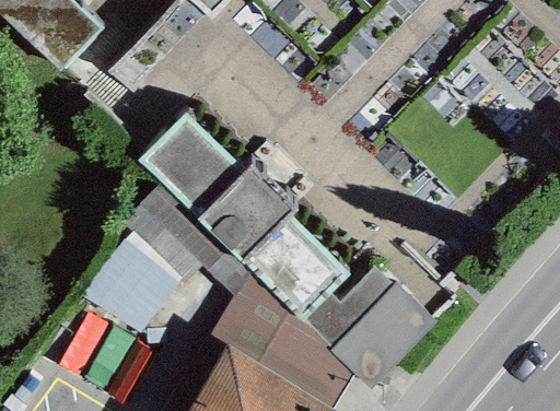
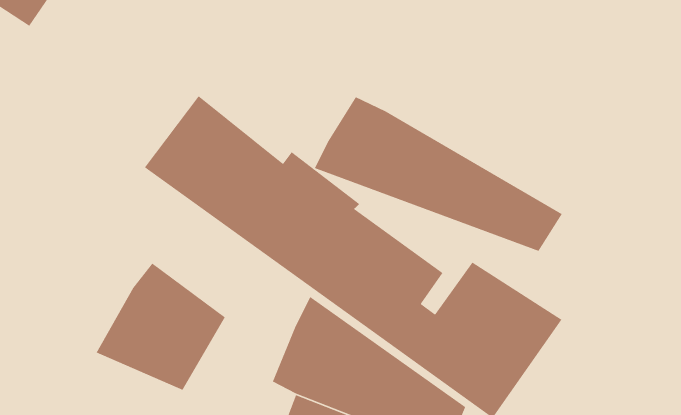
building: none -> [314,96,563,252]
building: [120,187,247,297] -> none

